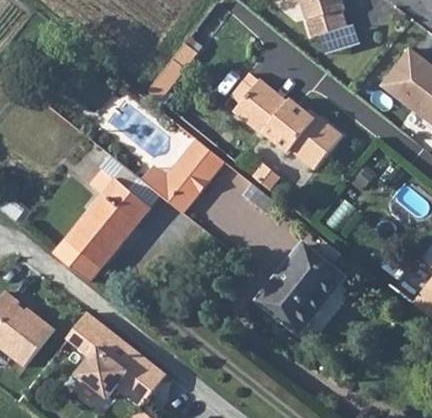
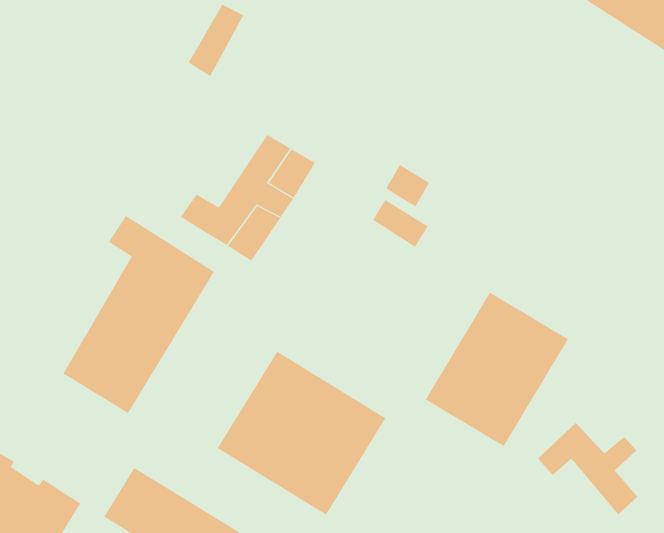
building: [231,76,344,167] -> none
building: none -> [217,351,386,515]
building: none -> [537,422,638,515]

